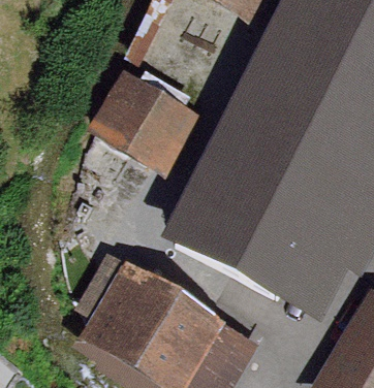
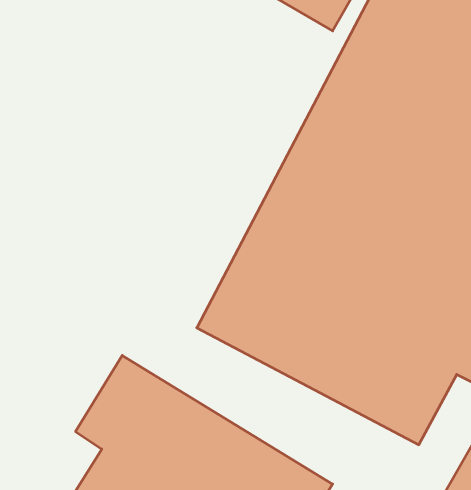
building: [92,71,210,181] -> none

